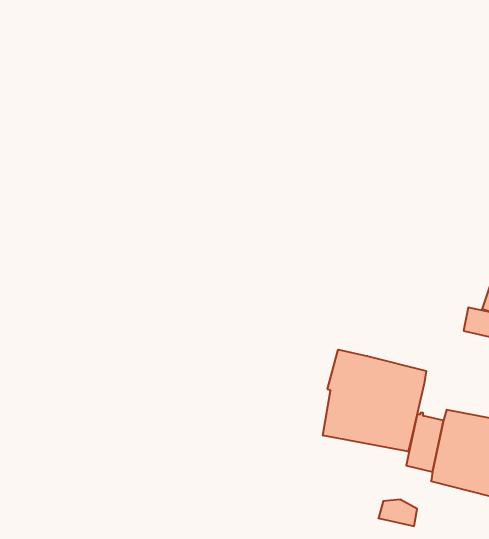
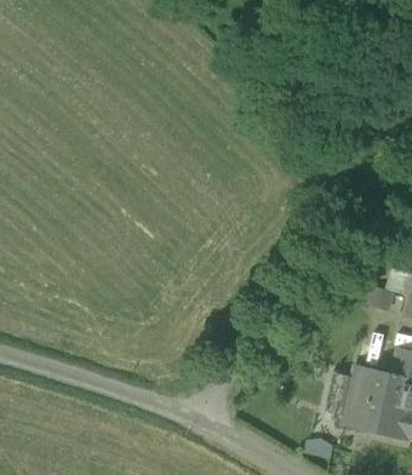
building: [323,350,426,452] -> none

